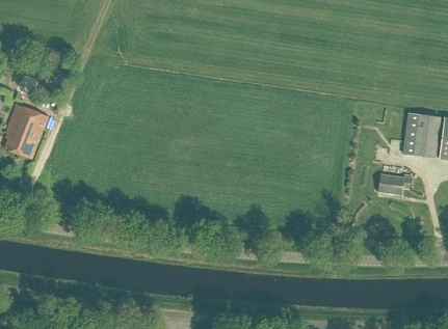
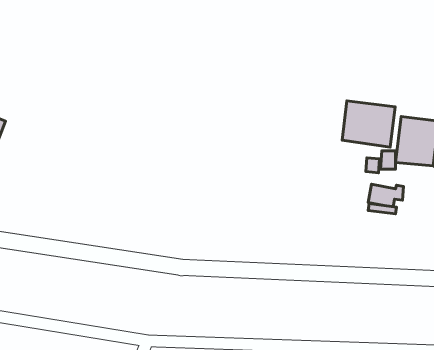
building: none -> [342,101,395,147]

